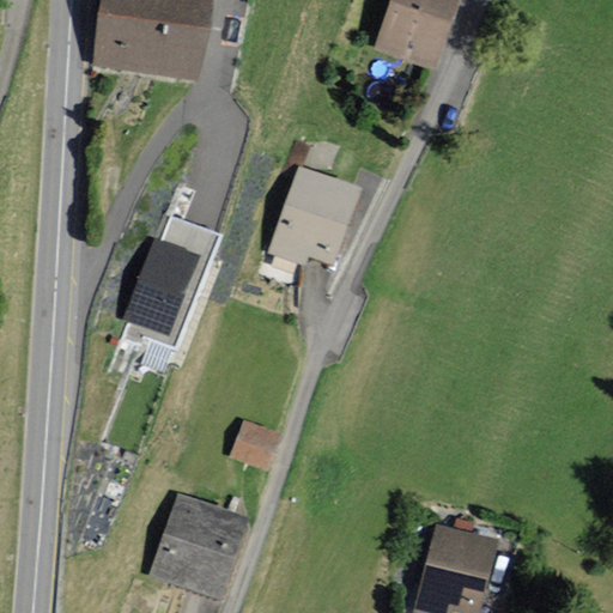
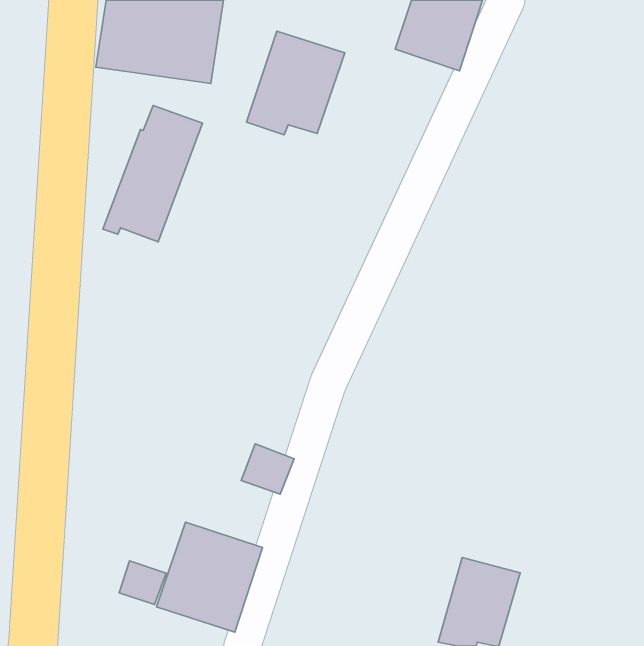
building: [267,166,360,265] -> [246,31,345,135]
building: [123,219,218,348] -> [103,105,203,242]
building: none -> [119,561,166,605]

